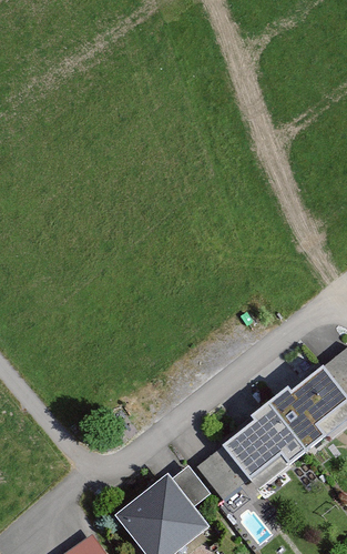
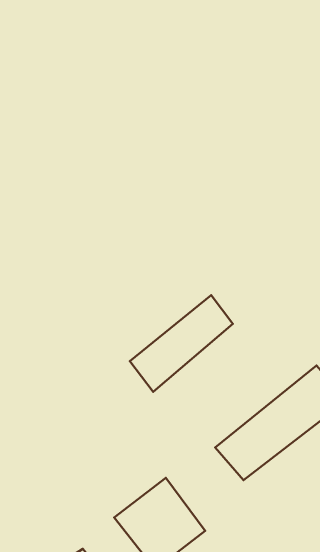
building: none -> [130,295,233,392]

